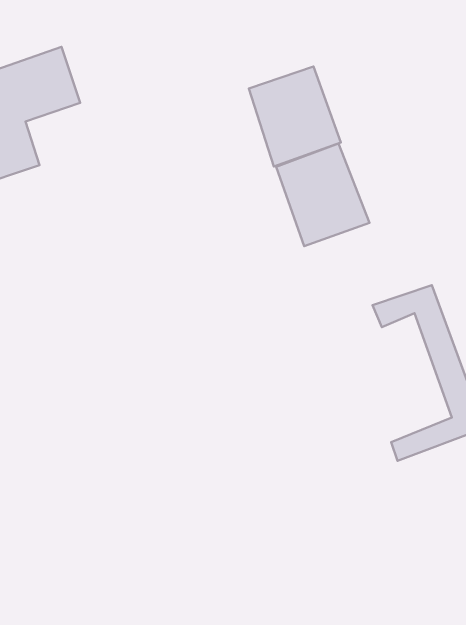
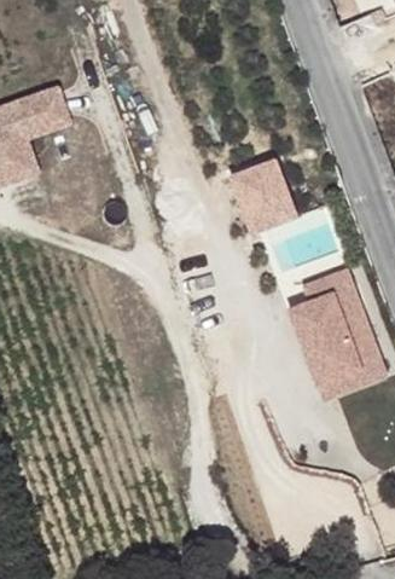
building: [249,66,341,166] -> none
building: none -> [287,288,365,388]

